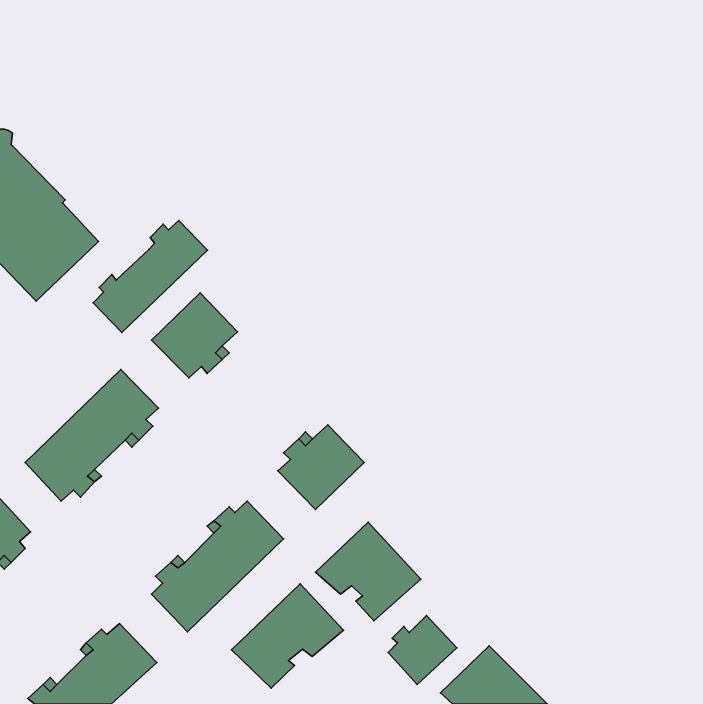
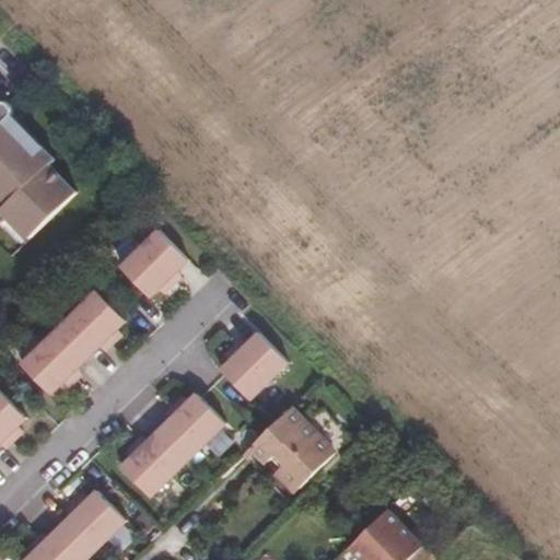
building: [93,220,208,333] -> none
building: [231,584,344,688] -> none
building: [388,616,457,684] -> none

